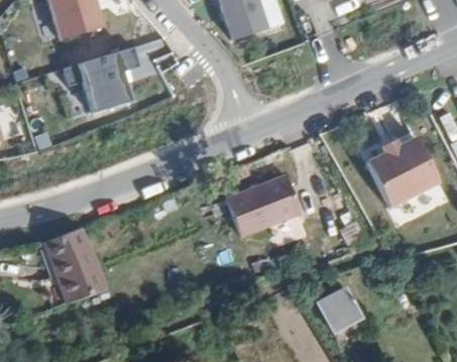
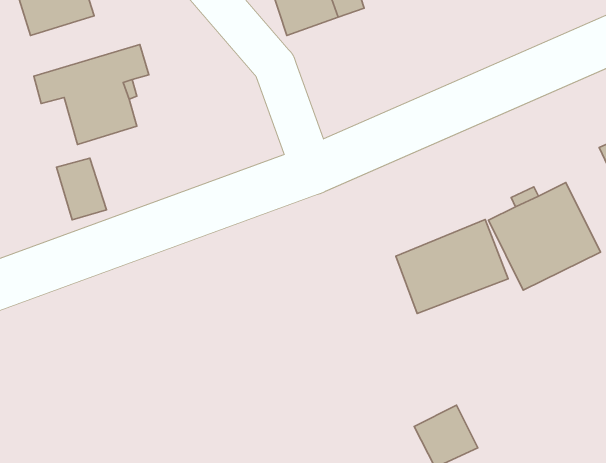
building: none -> [57,158,106,220]
building: [224,176,299,239] -> [396,220,508,314]
building: [45,229,101,304] -> none

